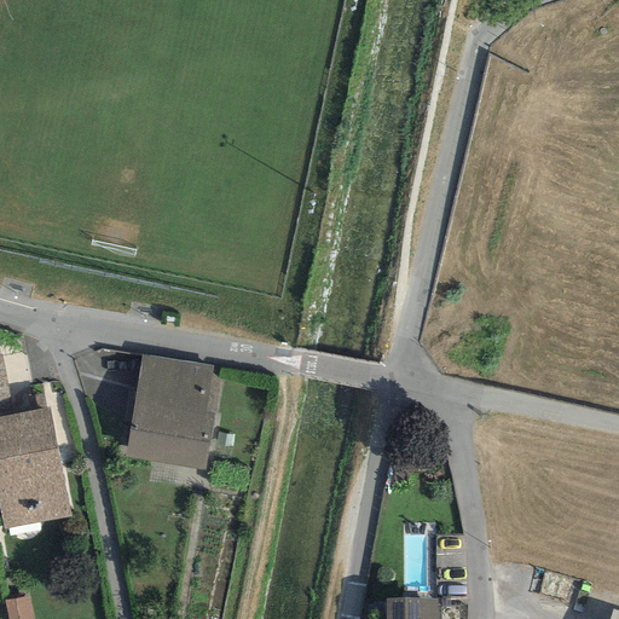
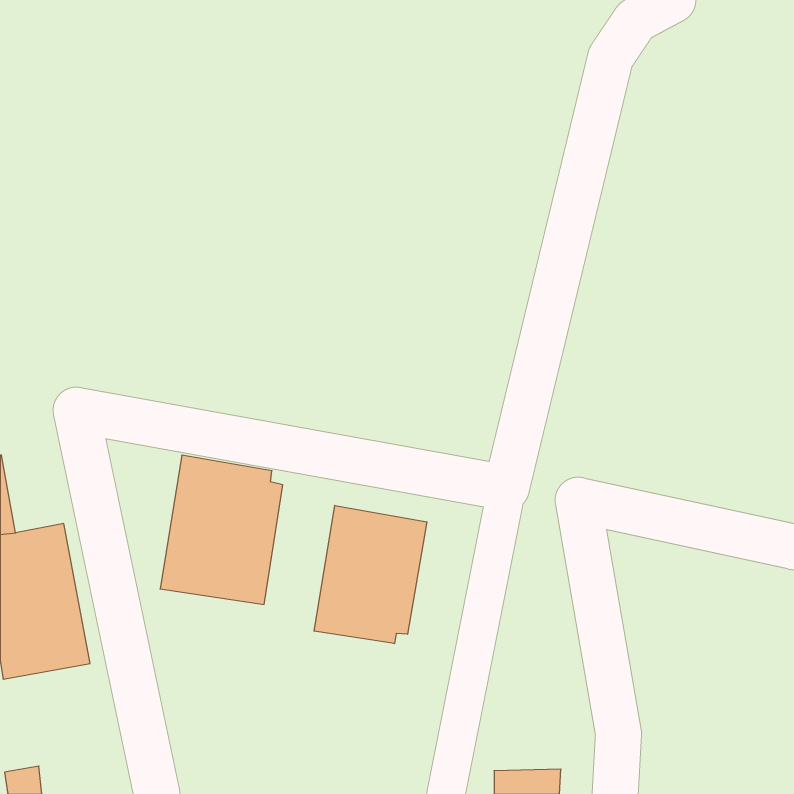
building: none -> [314,505,427,644]

